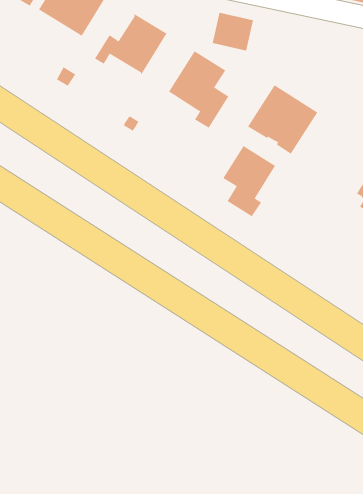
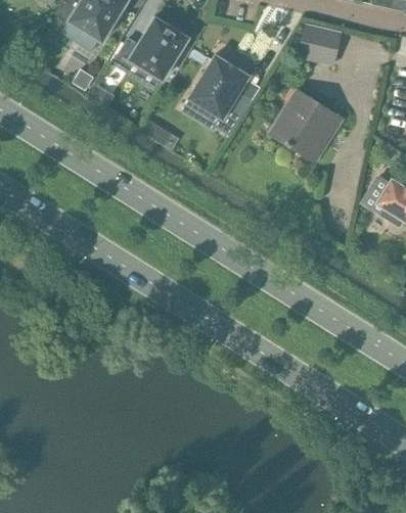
building: [212,12,254,51] -> [297,25,340,64]
building: [222,145,276,217] -> none

